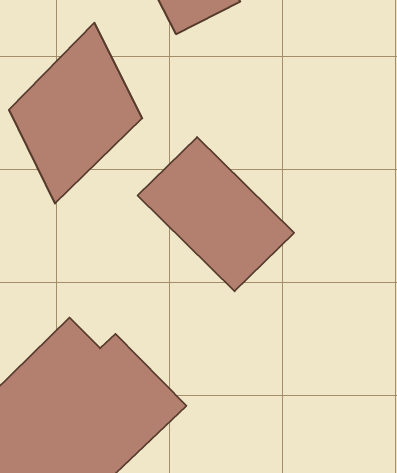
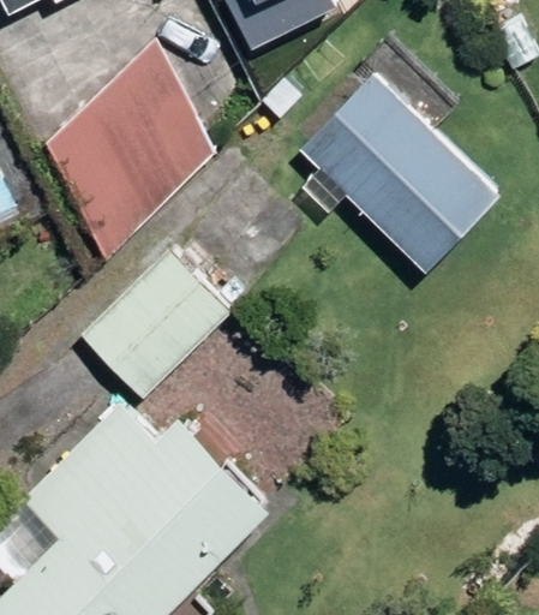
building: [138,137,294,291] -> [299,73,495,267]
building: none -> [85,247,238,399]

